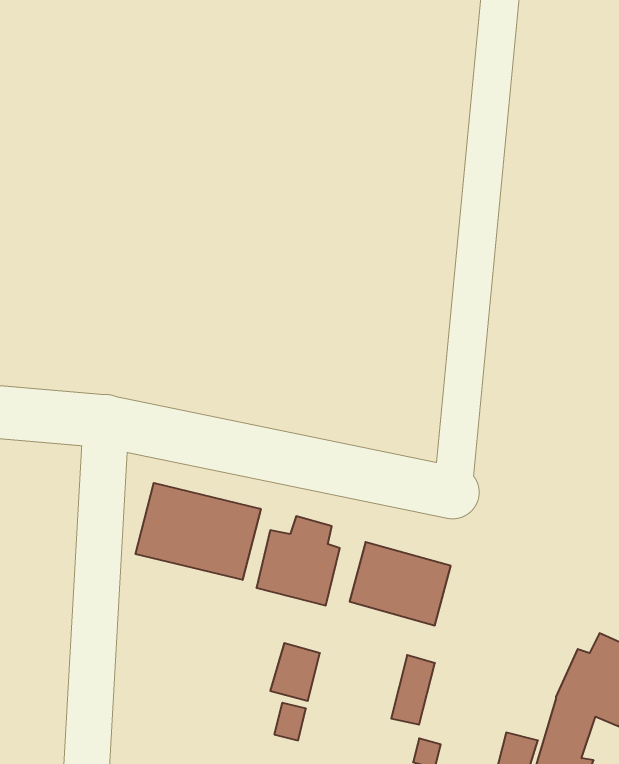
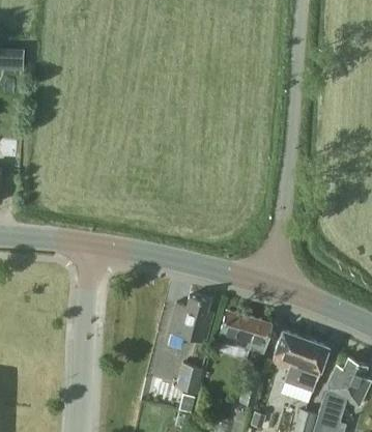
building: [136,483,261,580] -> none
building: none -> [270,332,328,393]

